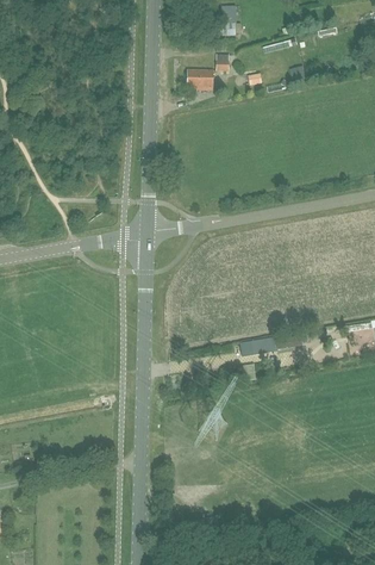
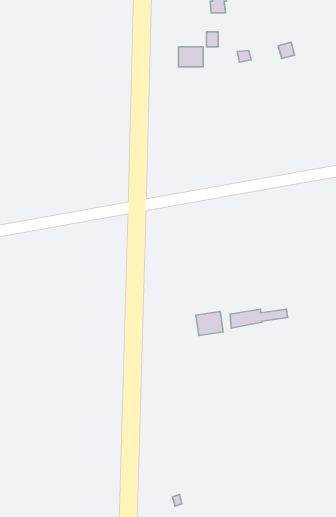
building: none -> [196,312,223,336]

